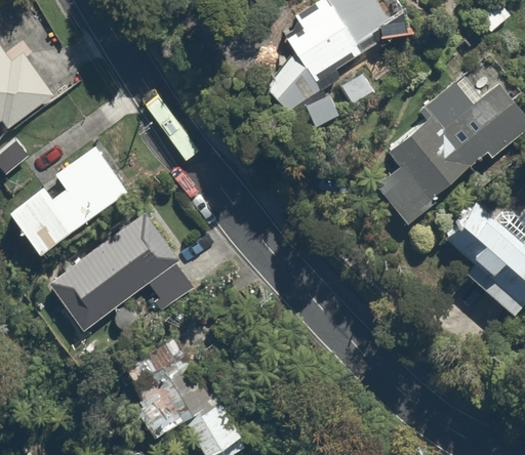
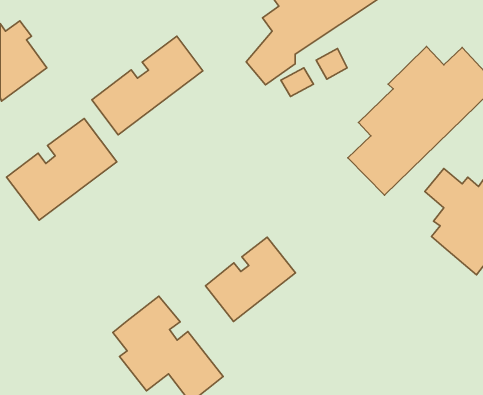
building: none -> [92,36,203,135]
building: [45,210,203,337] -> none
building: none -> [205,237,295,322]

